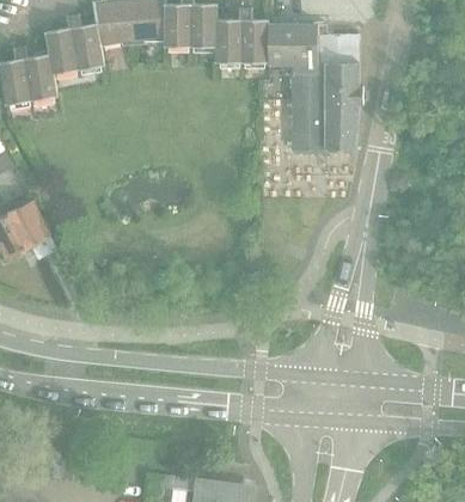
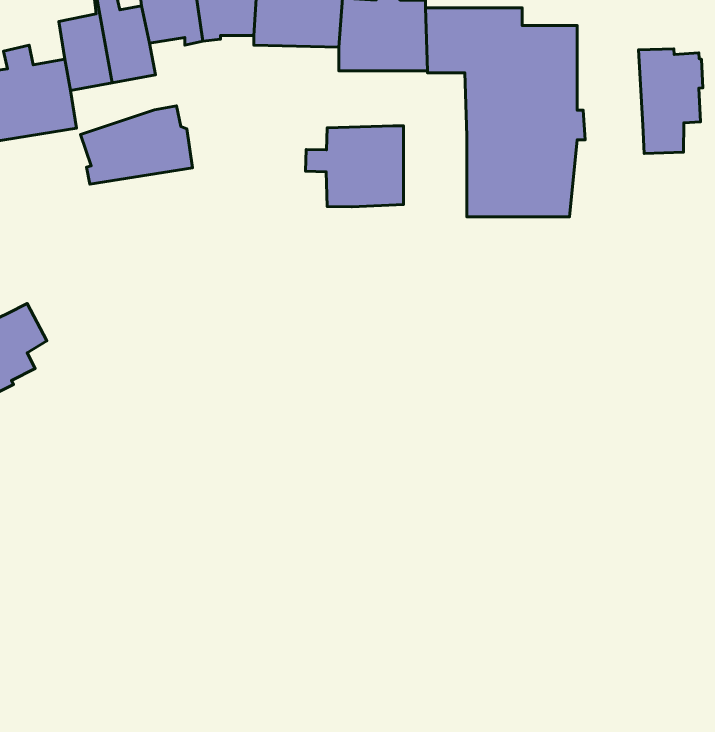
building: none -> [639,49,703,153]
building: none -> [81,106,192,184]
building: none -> [305,126,403,207]

